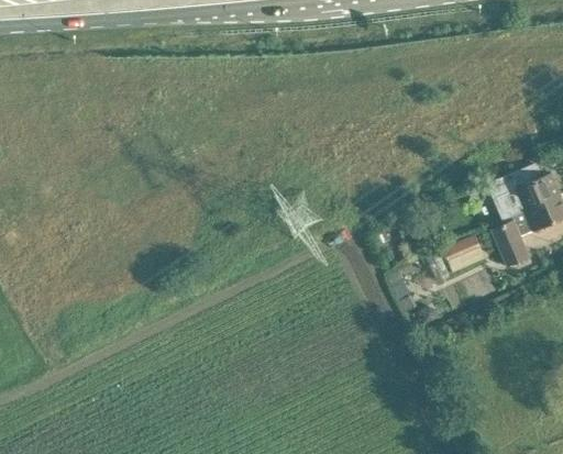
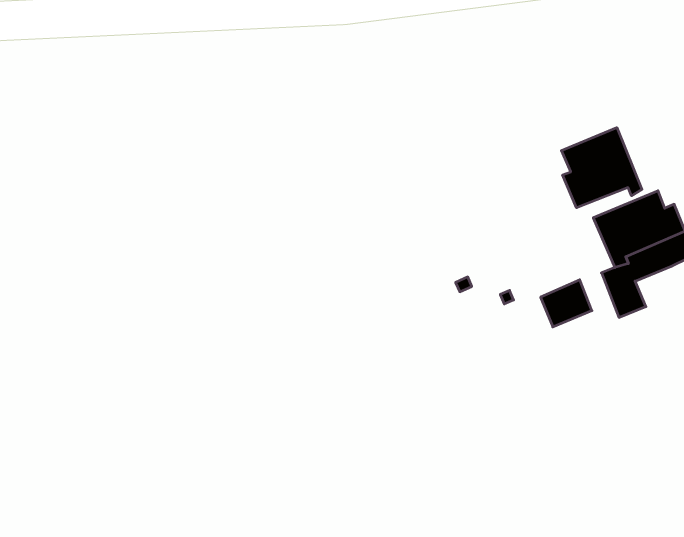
building: none -> [561,128,642,208]

